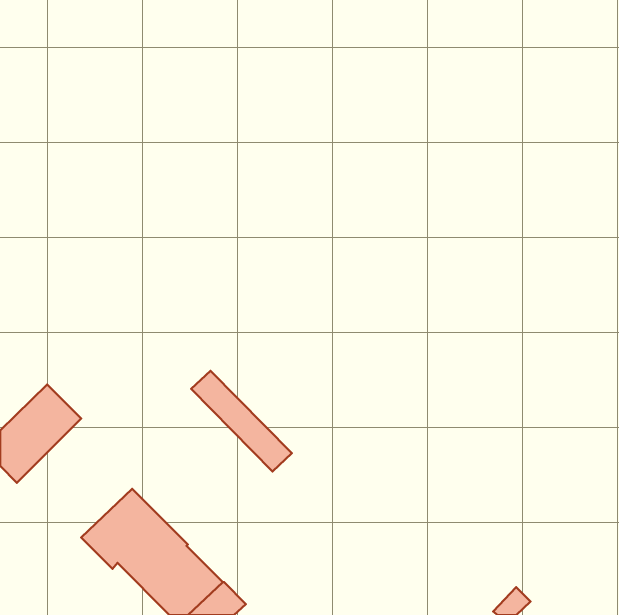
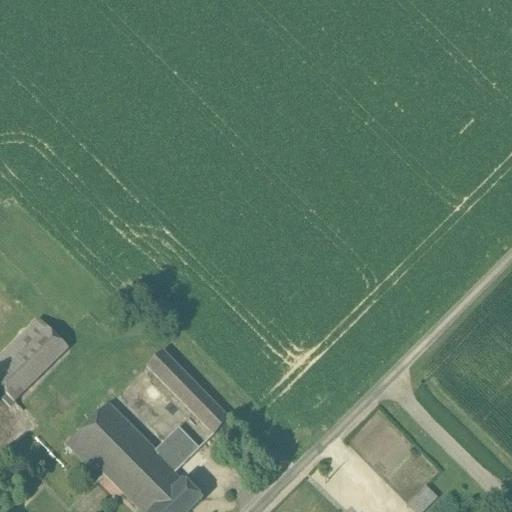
building: [191,371,292,471] -> [147,350,230,433]
building: none -> [154,426,200,472]

